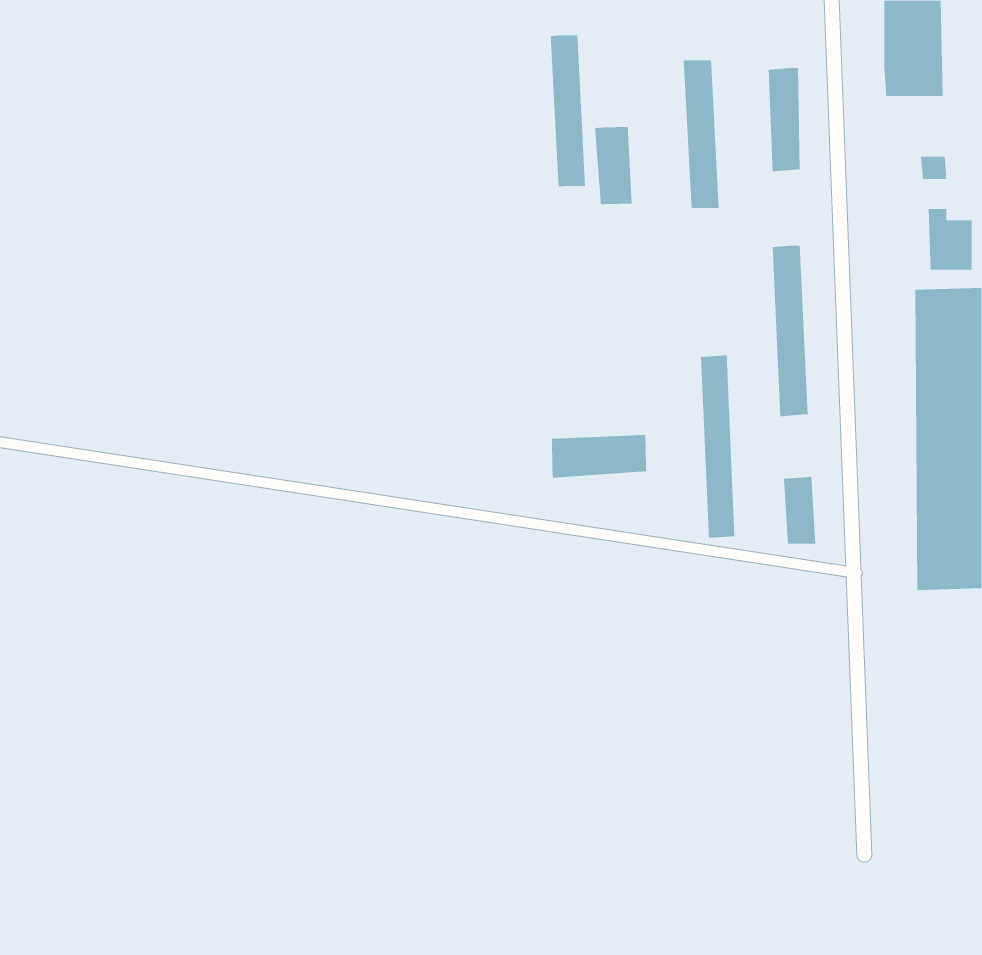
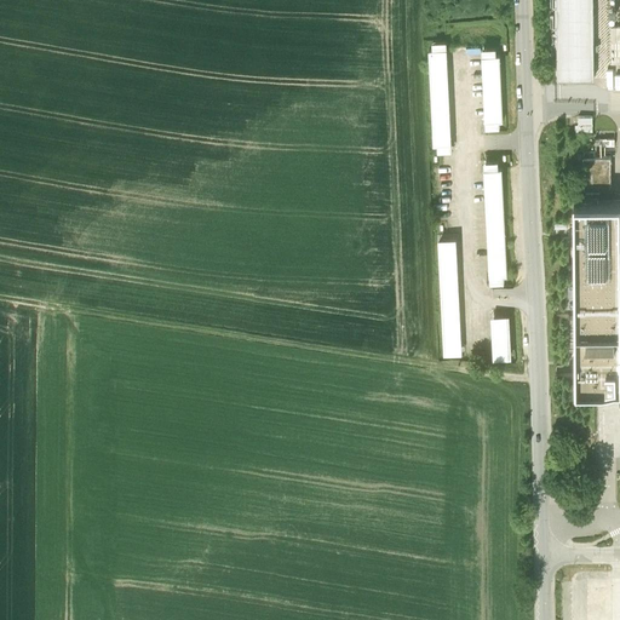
building: [550,35,586,187] -> none
building: [594,126,632,205] -> none
building: [551,434,647,478] -> none

